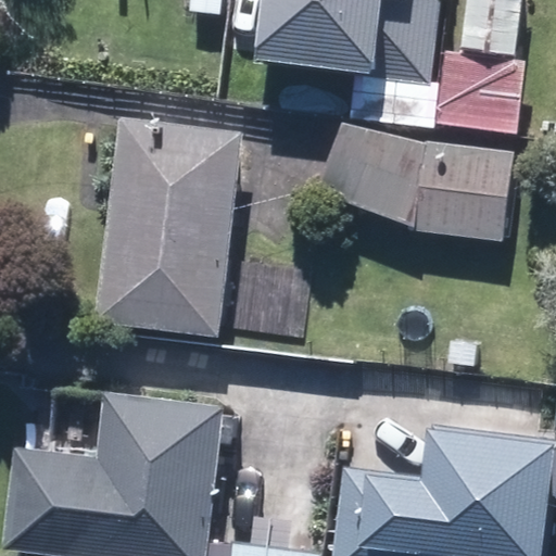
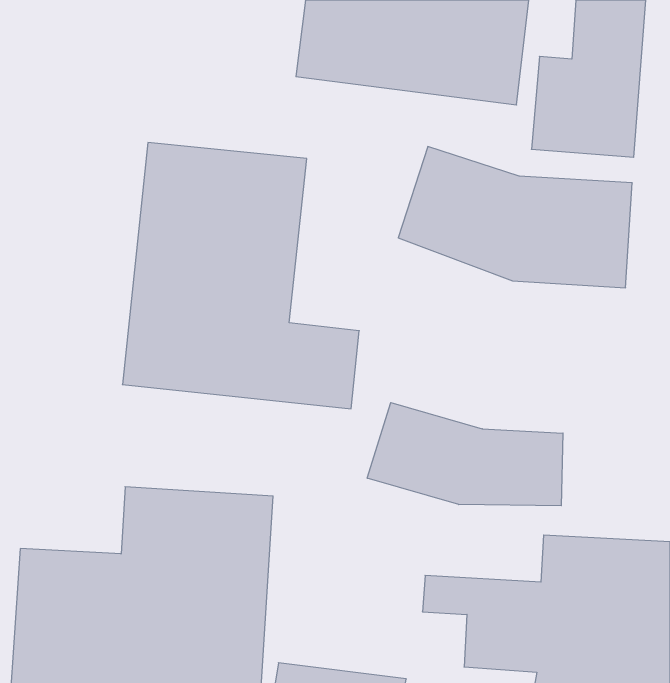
building: none -> [367,403,563,506]

